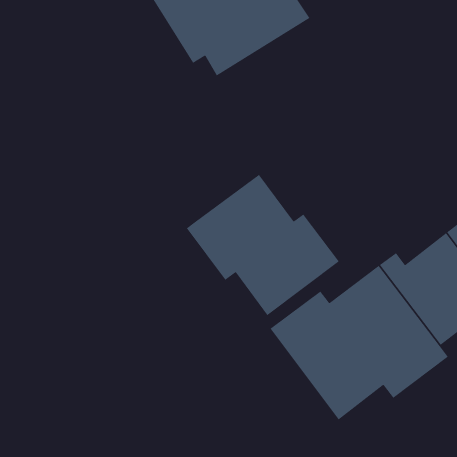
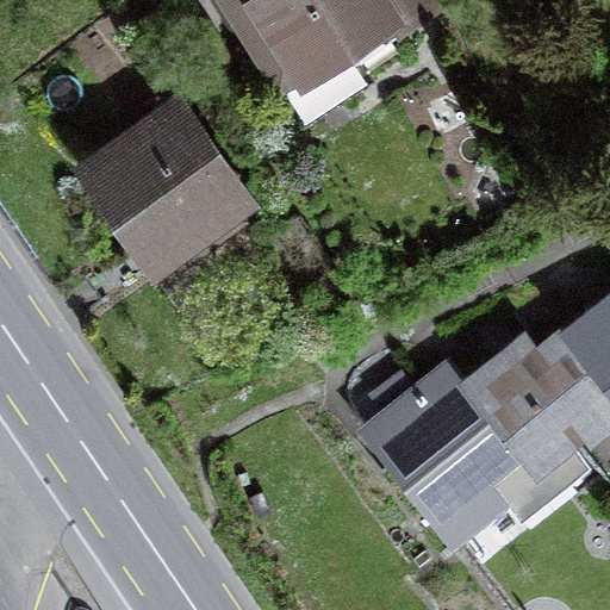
building: none -> [71,98,260,285]
building: [186,174,340,316] -> none

